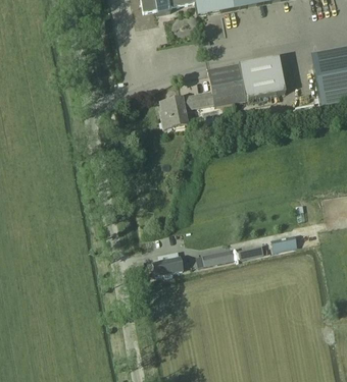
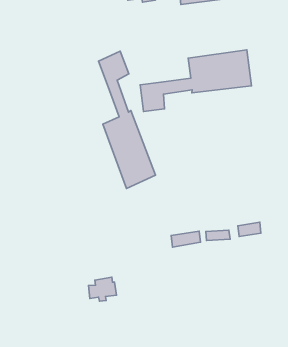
building: none -> [98,51,156,189]
building: [154,251,184,276] -> [89,277,116,301]

